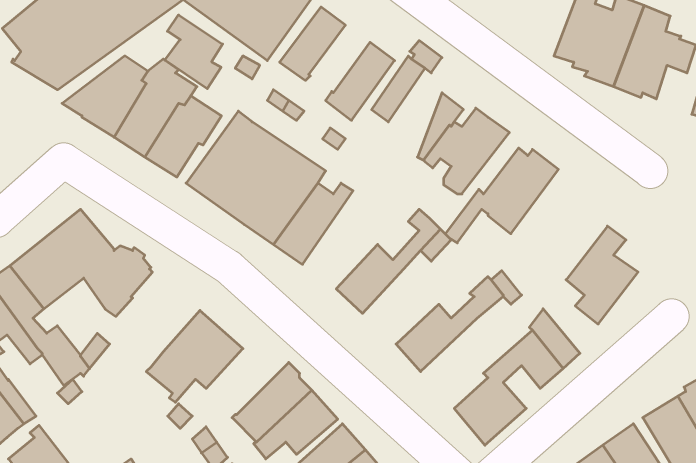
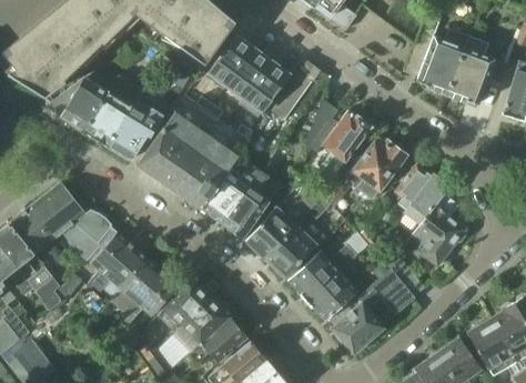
building: [165,15,223,89] -> none
building: none -> [226,50,271,99]
building: none -> [394,165,447,224]
building: none -> [222,170,281,239]
building: none -> [265,226,315,278]
building: none -> [87,229,148,298]
building: none -> [307,262,357,321]
building: none -> [162,276,212,332]

